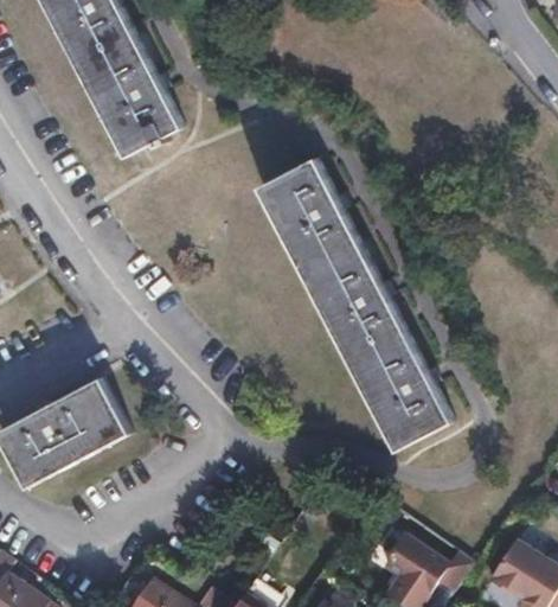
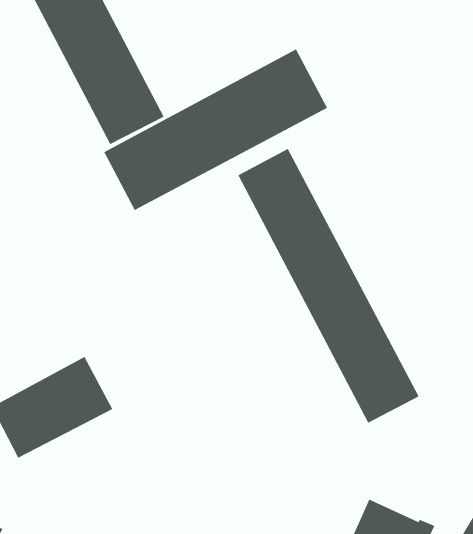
building: none -> [104,48,328,211]

